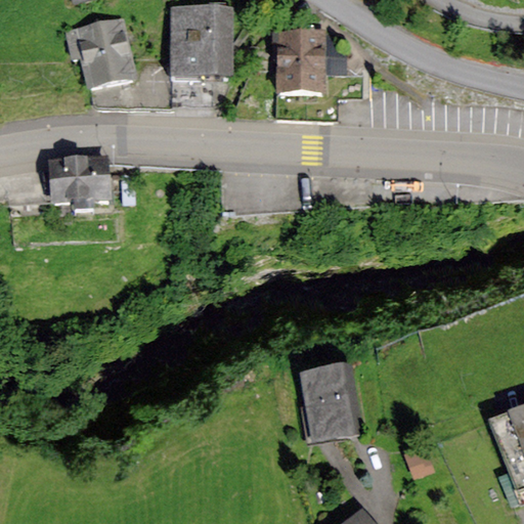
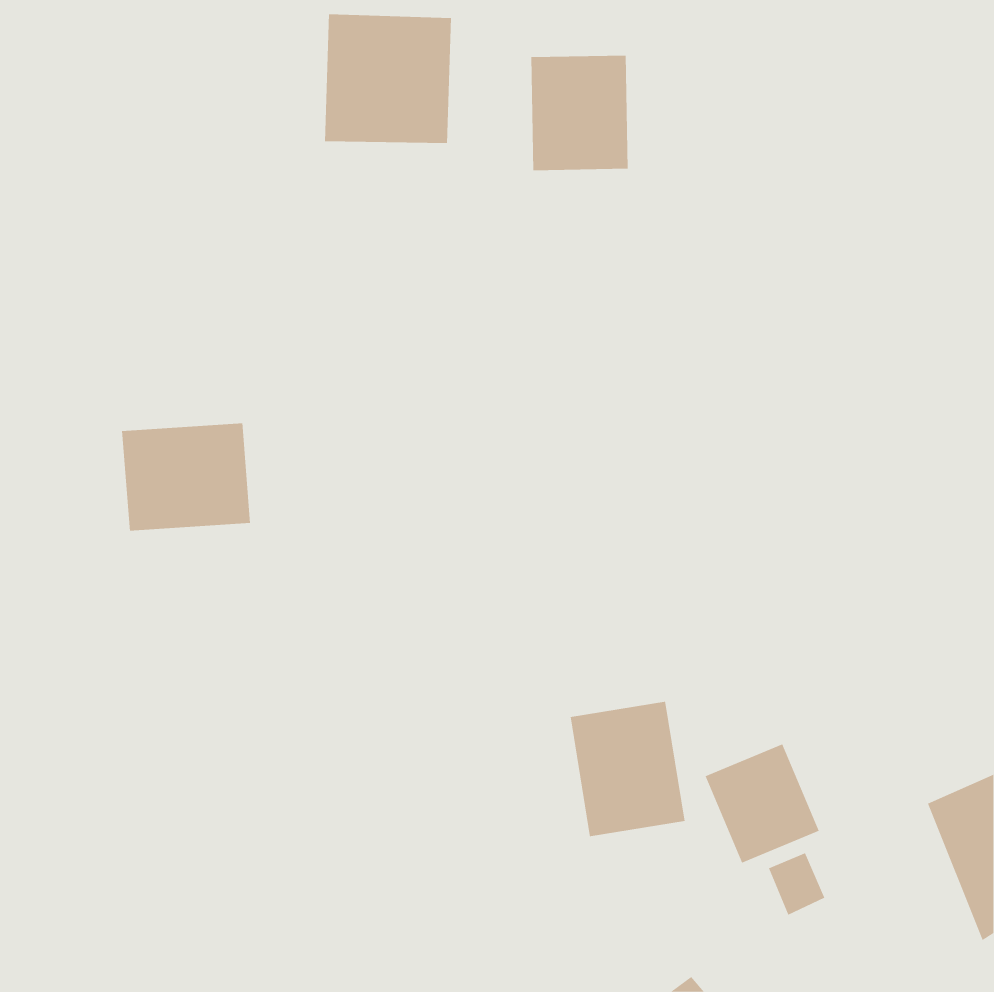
building: [82,14,140,86] -> none
building: [48,160,116,216] -> [121,423,251,531]
building: none -> [705,744,819,864]

